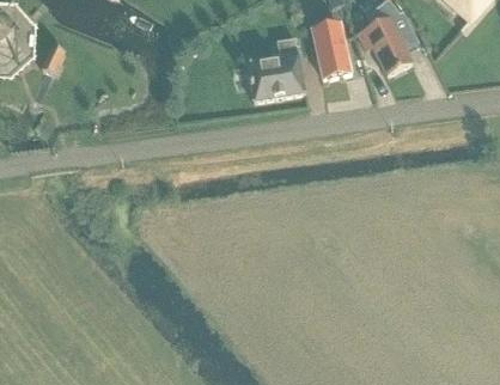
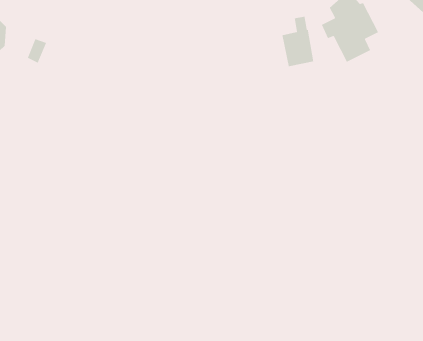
building: [245,37,300,100] -> none

